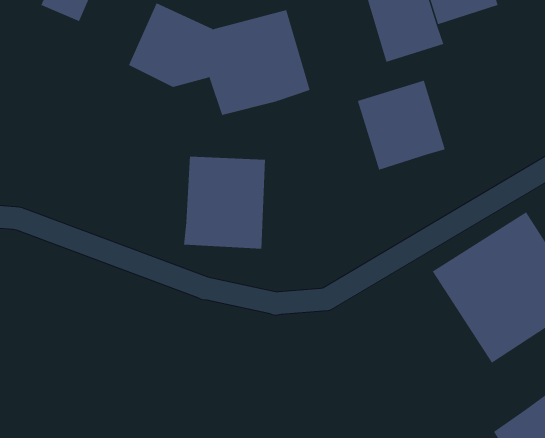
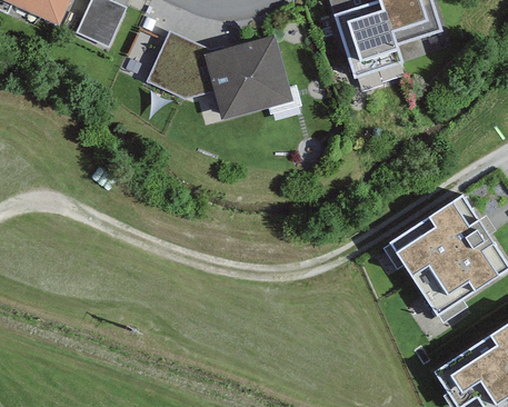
building: [357,80,446,171] -> none
building: [184,156,265,249] -> none

